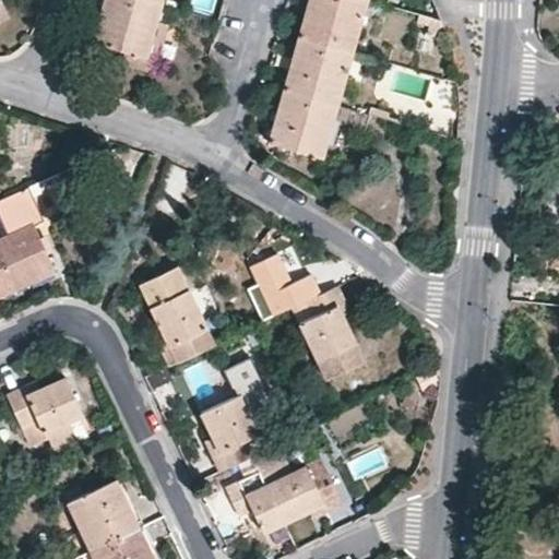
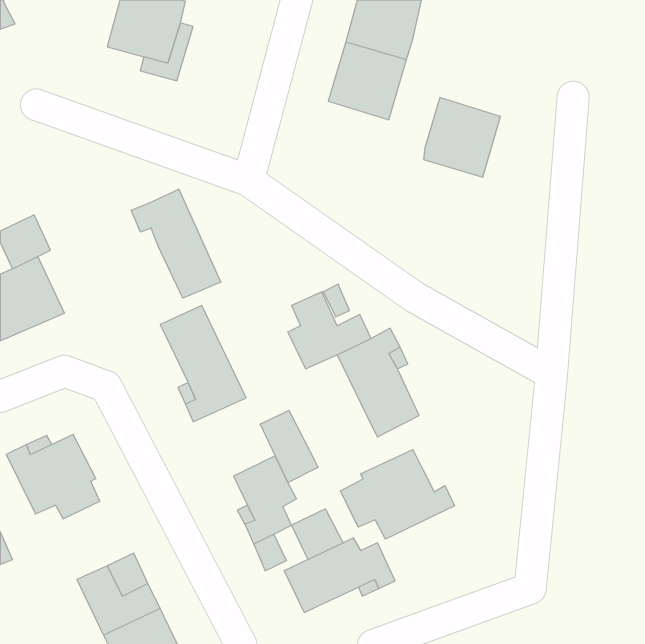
building: [270,88,336,157] -> [424,97,501,177]
building: none -> [131,189,221,298]
building: none -> [340,450,454,539]

